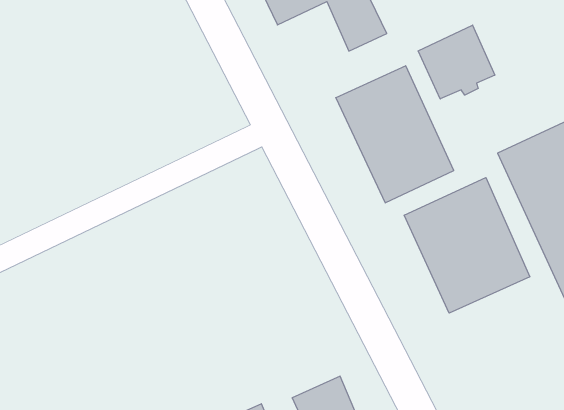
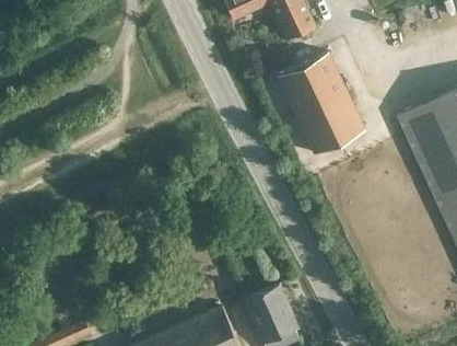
building: [418,25,495,99] -> none
building: [404,178,530,313] -> none

